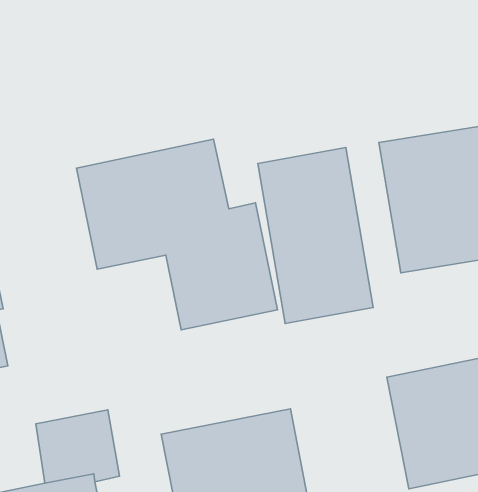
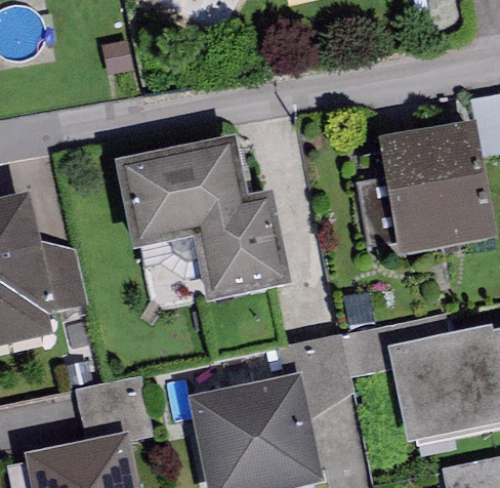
building: [258,147,373,324] -> none

